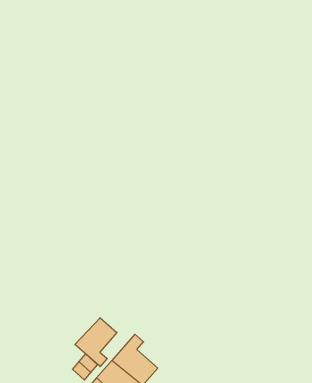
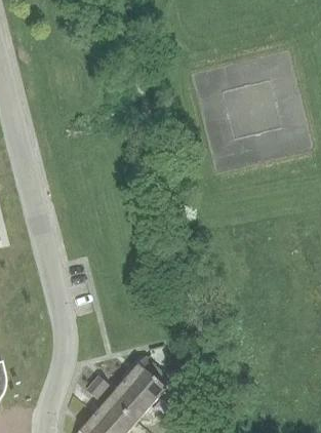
building: [75,318,117,367] -> none

